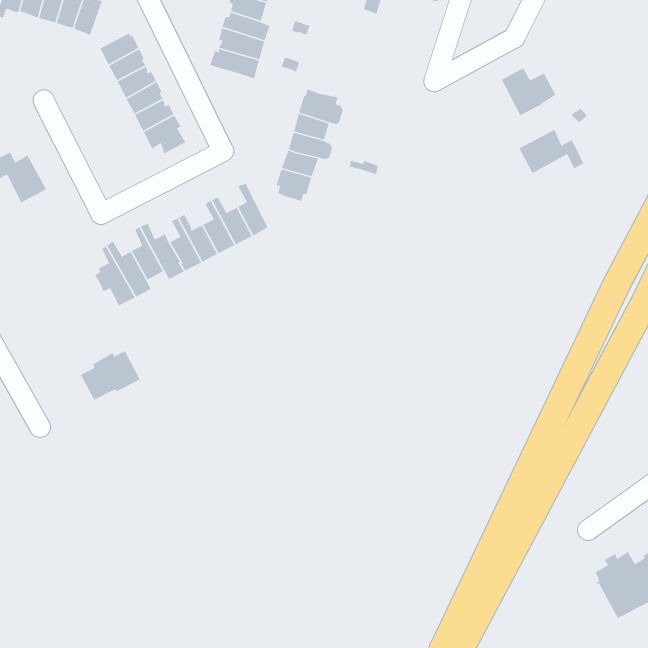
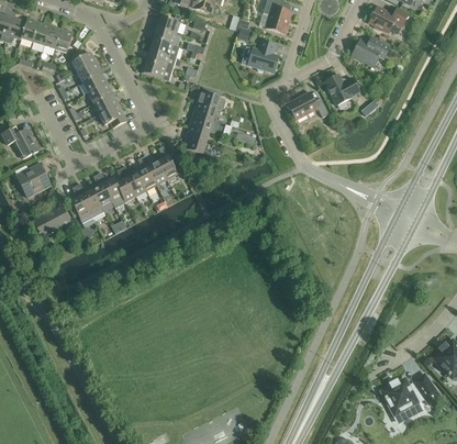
building: none -> [352,35,390,65]
building: none -> [247,38,278,71]
building: [518,129,584,174] -> [287,90,328,119]
building: none -> [15,160,51,197]
building: [80,350,141,401] -> [33,204,71,236]

